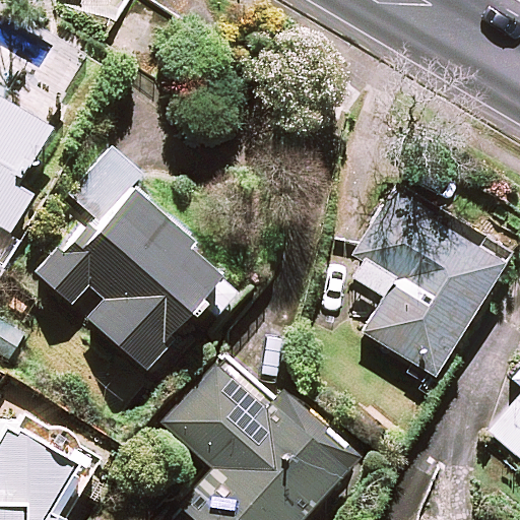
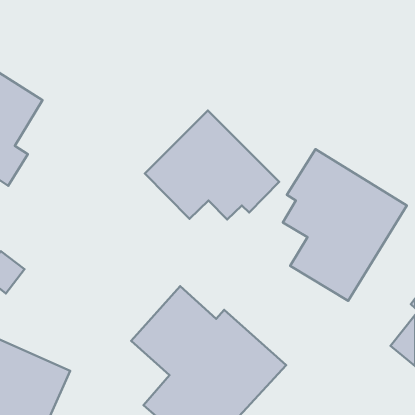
building: none -> [145,111,279,220]
building: [41,184,230,370] -> none

